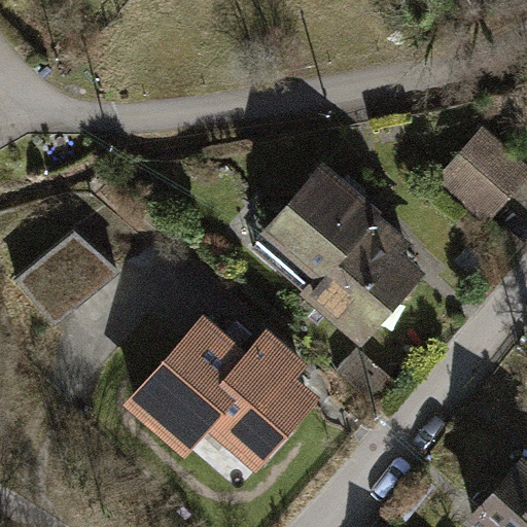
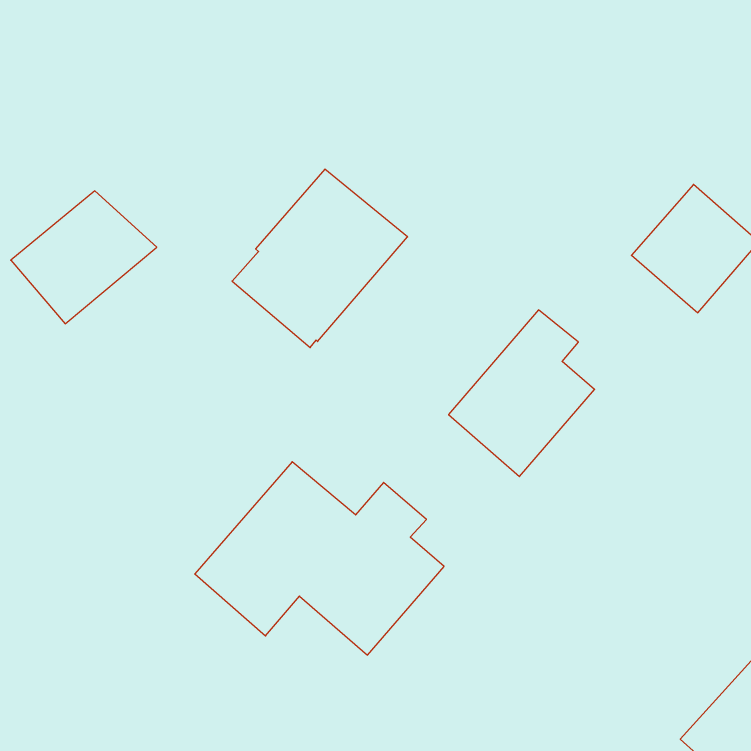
building: [255,171,378,295] -> [232,169,408,348]
building: [19,232,120,324] -> [11,191,157,324]

